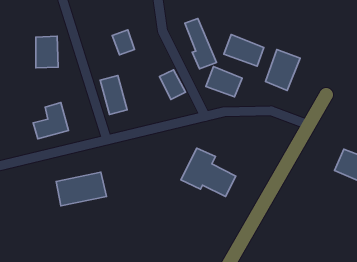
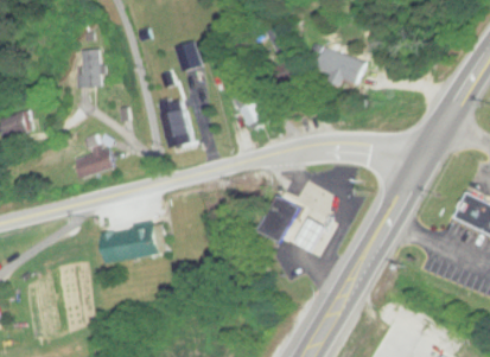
building: [266,49,300,90] -> none
building: [206,67,242,97] -> none

